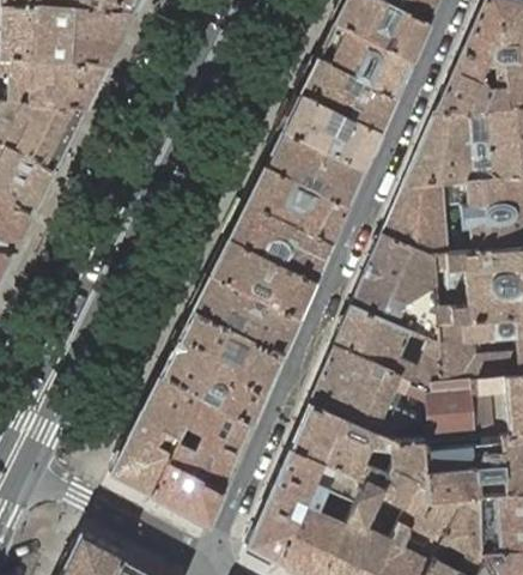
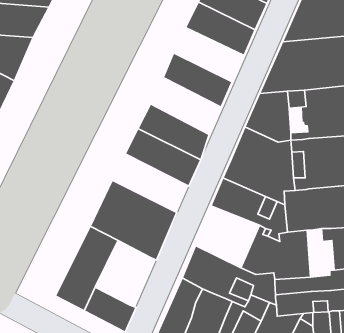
building: [279,96,378,172] -> none
building: [247,167,346,247] -> none
building: [193,274,300,357] -> none
building: [310,347,400,435] -> none
building: [467,380,499,448] -> none
building: [169,397,255,491] -> none

